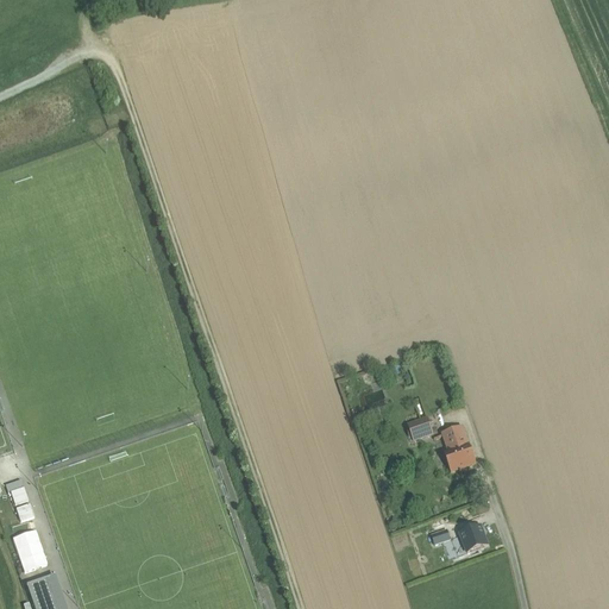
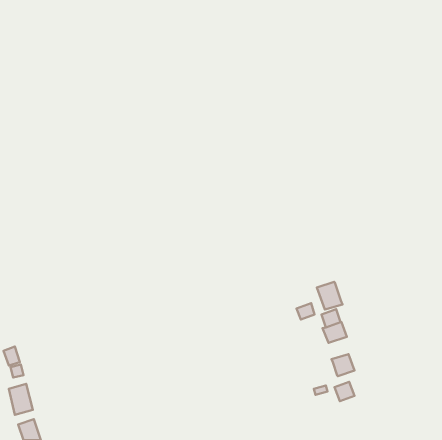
building: none -> [317,282,342,309]
building: none -> [331,354,354,376]

